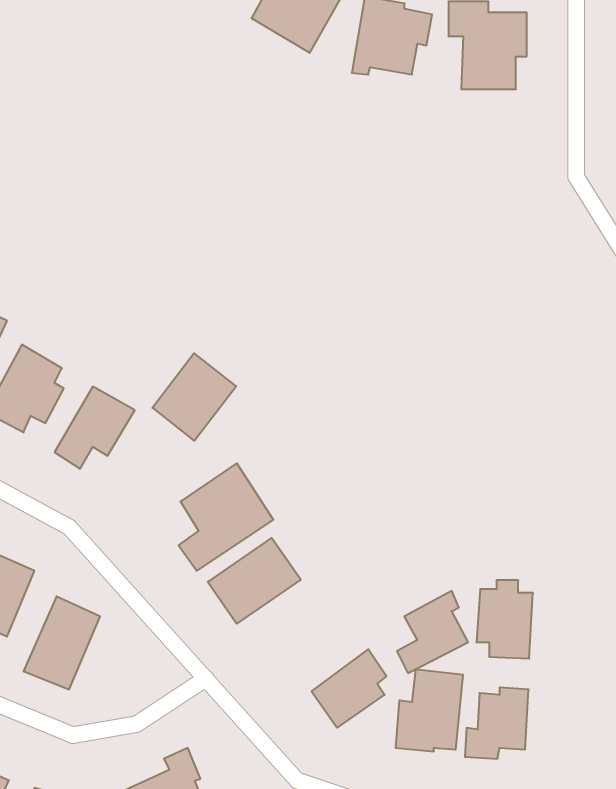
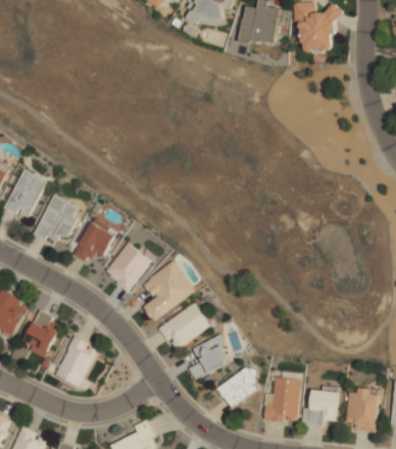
building: [152,353,236,441] -> [104,242,151,291]
building: [476,580,533,659] -> [346,387,378,431]
building: [397,591,468,673] -> [189,334,229,380]

